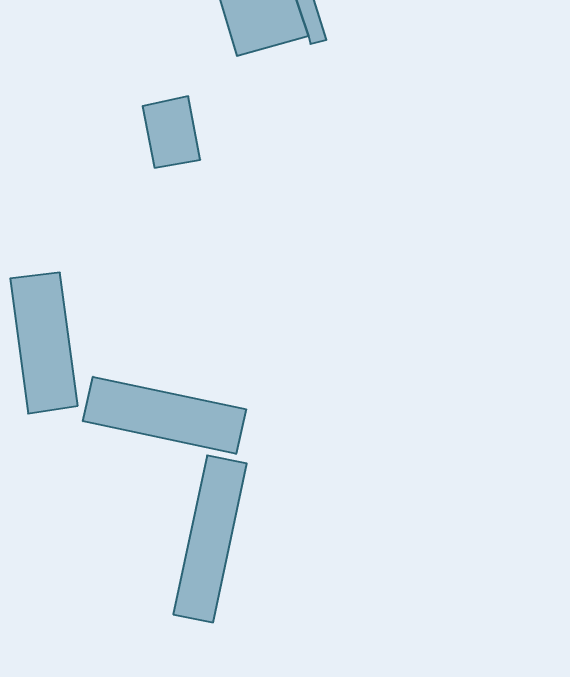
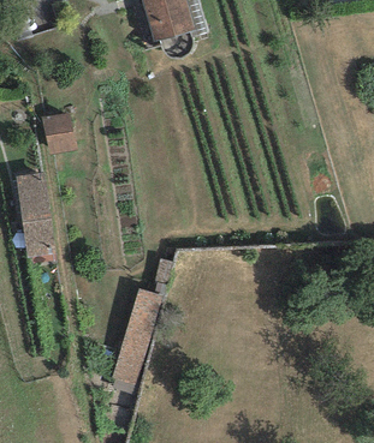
building: [143,96,200,168] -> [42,110,77,154]
building: [83,377,246,454] -> none

